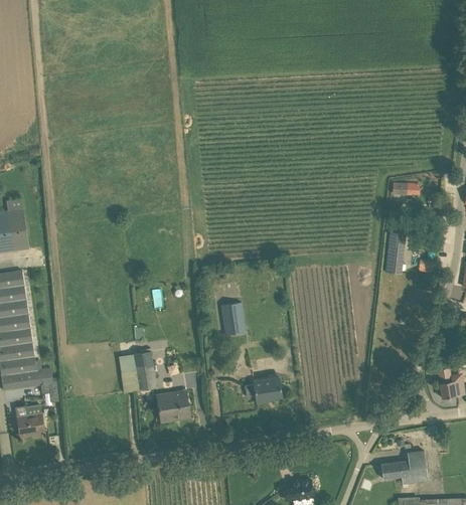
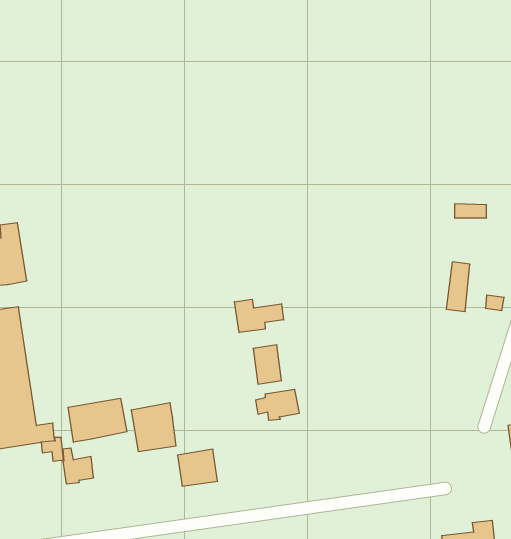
building: none -> [234,299,284,333]
building: none -> [68,398,127,442]
building: [245,376,282,402] -> [256,389,299,420]
building: [17,405,43,436] -> [63,448,94,484]

